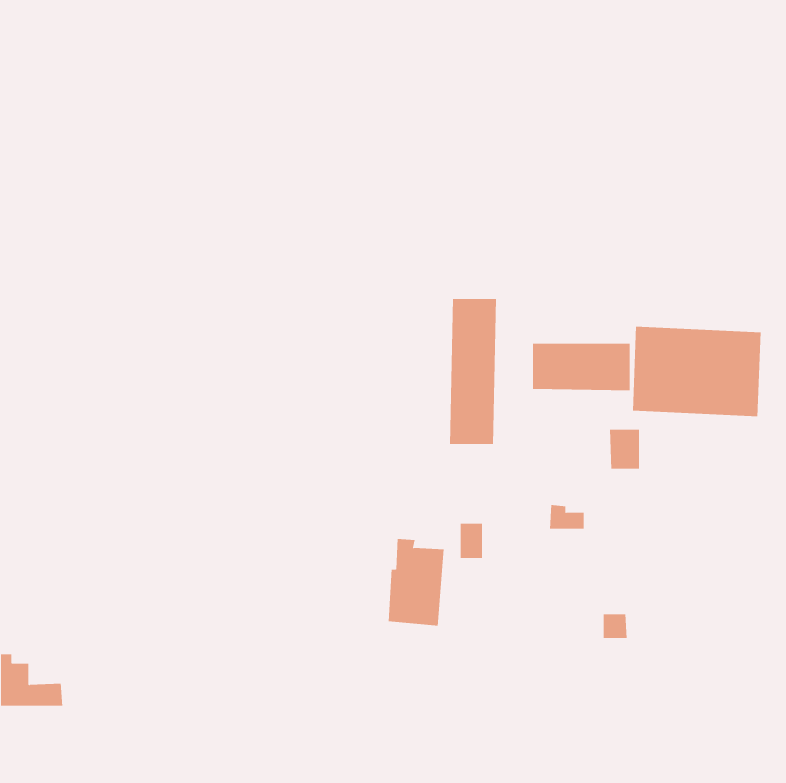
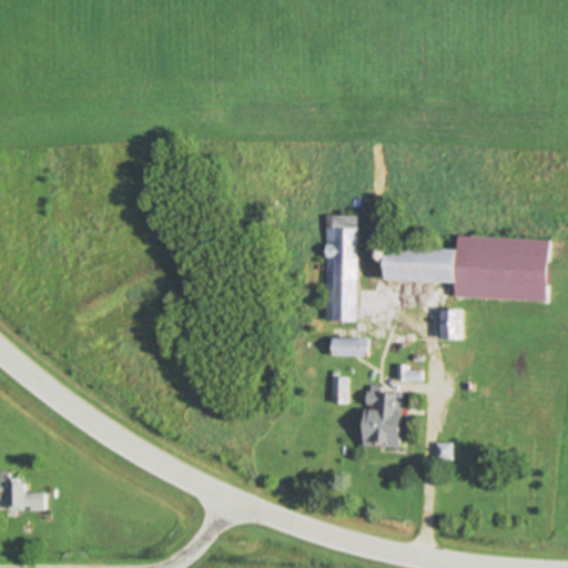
building: none -> [331,337,368,356]
building: [388,538,445,626] -> [362,385,403,448]

